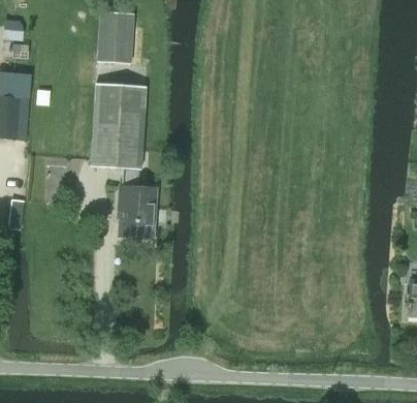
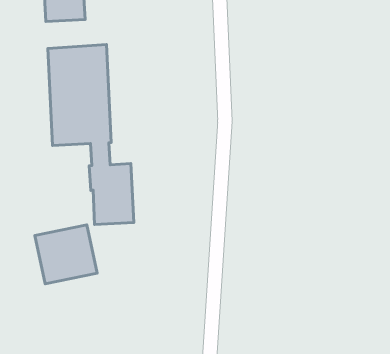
building: none -> [35,225,97,284]

